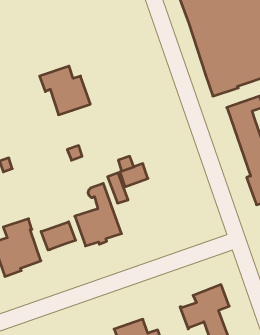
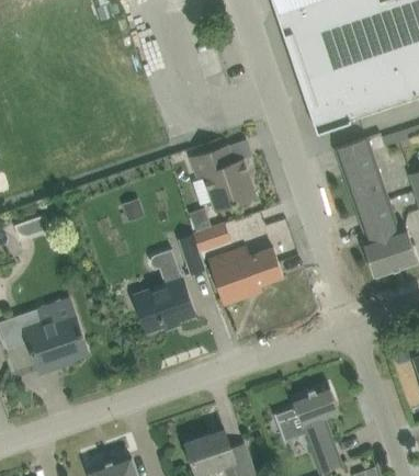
building: [40,66,90,115] -> [188,146,256,211]
building: none -> [208,247,283,305]
building: [41,222,76,250] -> none

